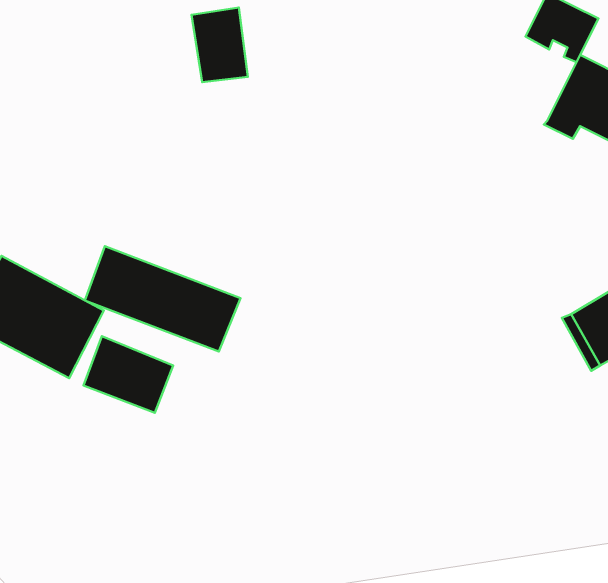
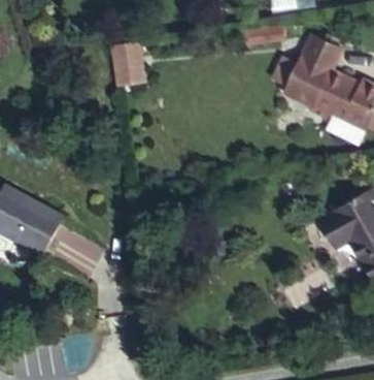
building: none -> [285,59,329,106]
building: [85,246,240,351] -> none

